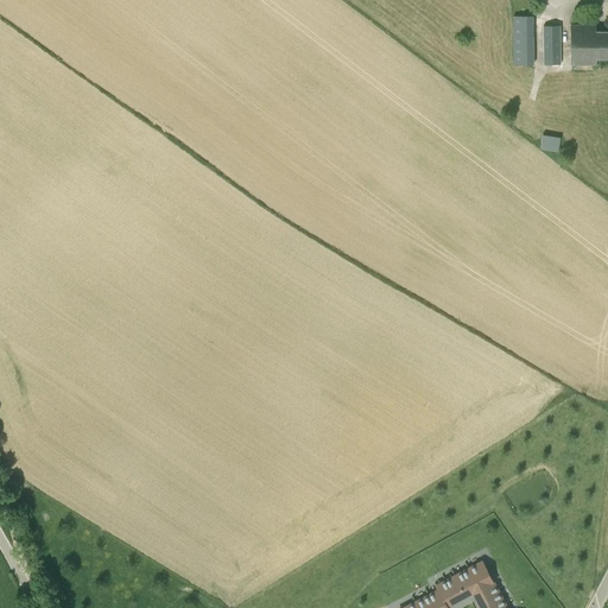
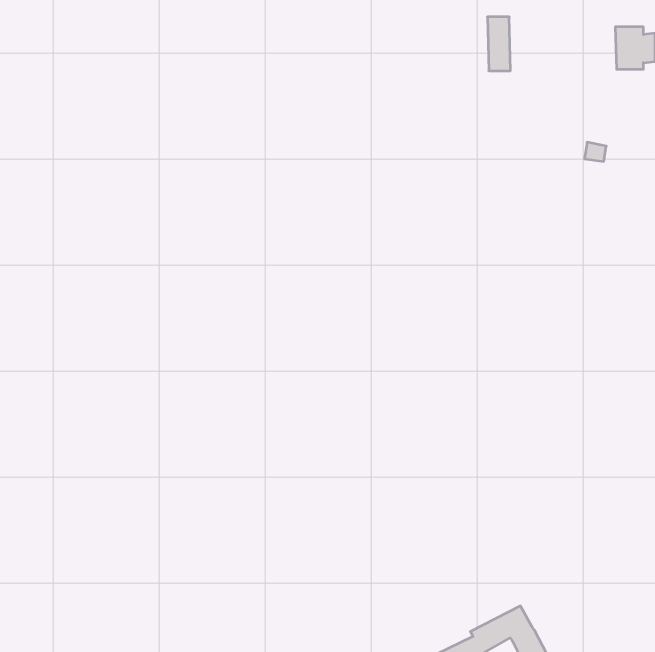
building: [514,15,536,65] -> [487,17,510,71]
building: [544,27,560,66] -> none

